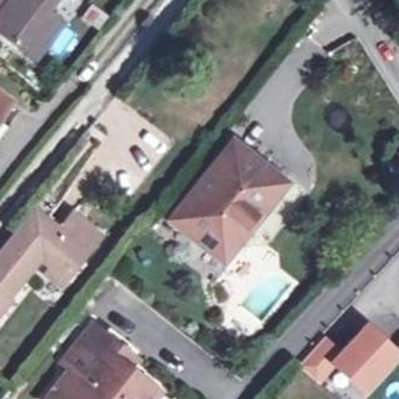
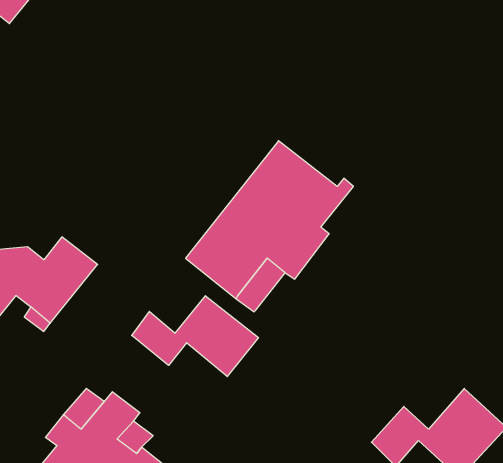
building: none -> [132,296,258,377]

